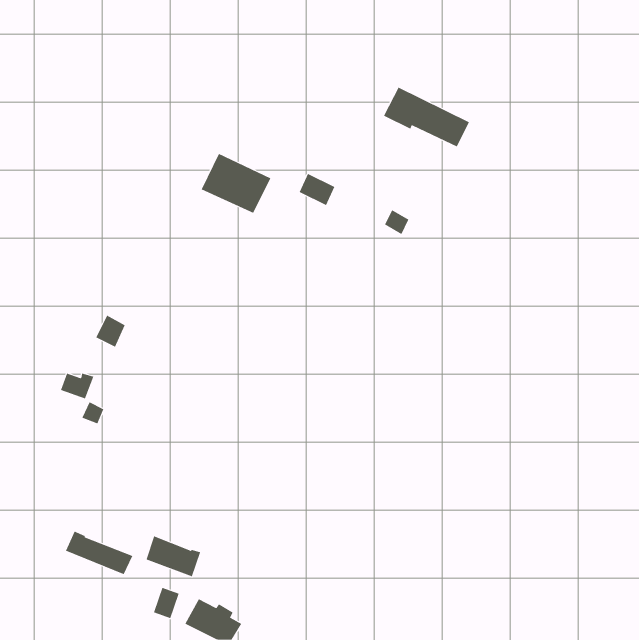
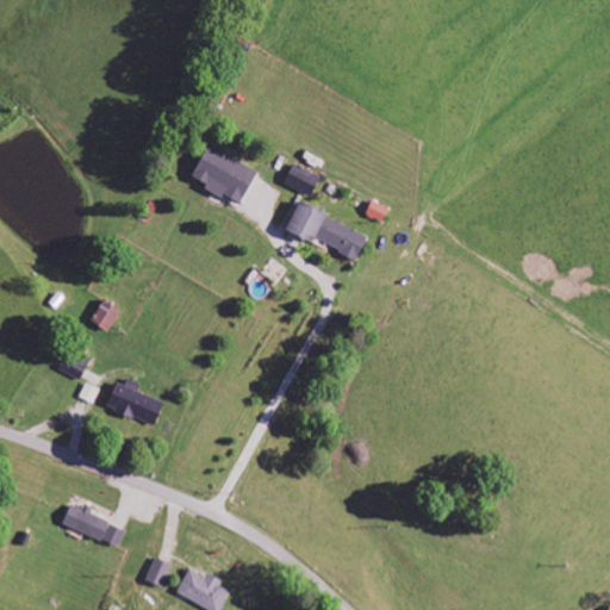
building: [383,87,470,147] -> [286,201,368,259]
building: none -> [106,378,163,425]
building: [146,536,201,577] -> none

